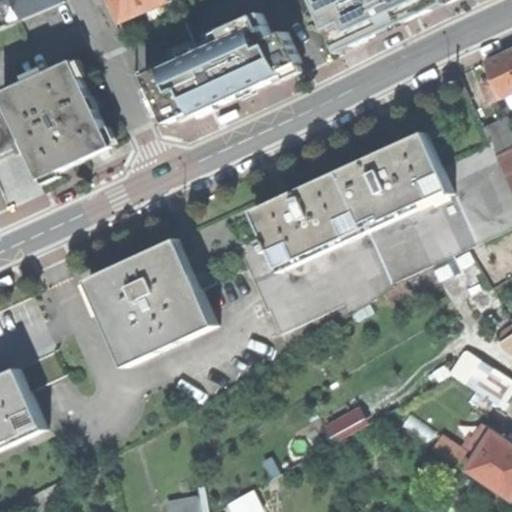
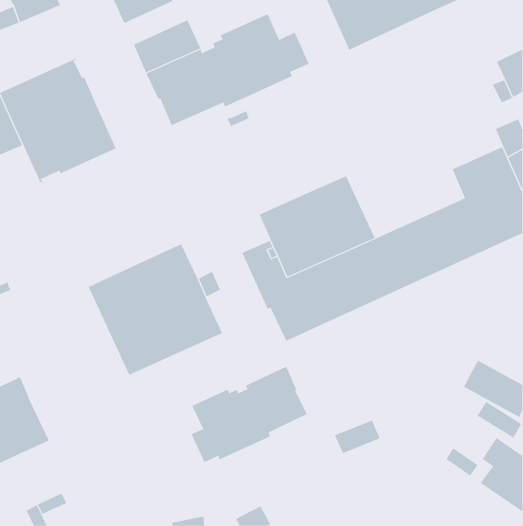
building: [336,131,450,231] -> none
building: none -> [191,366,308,463]

